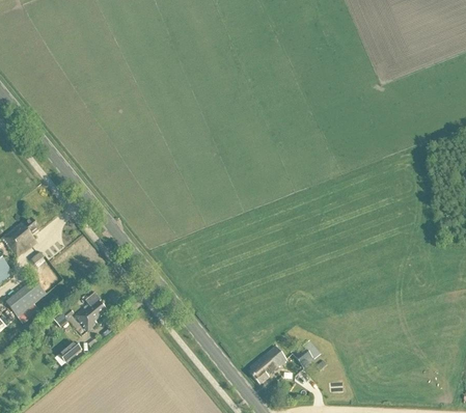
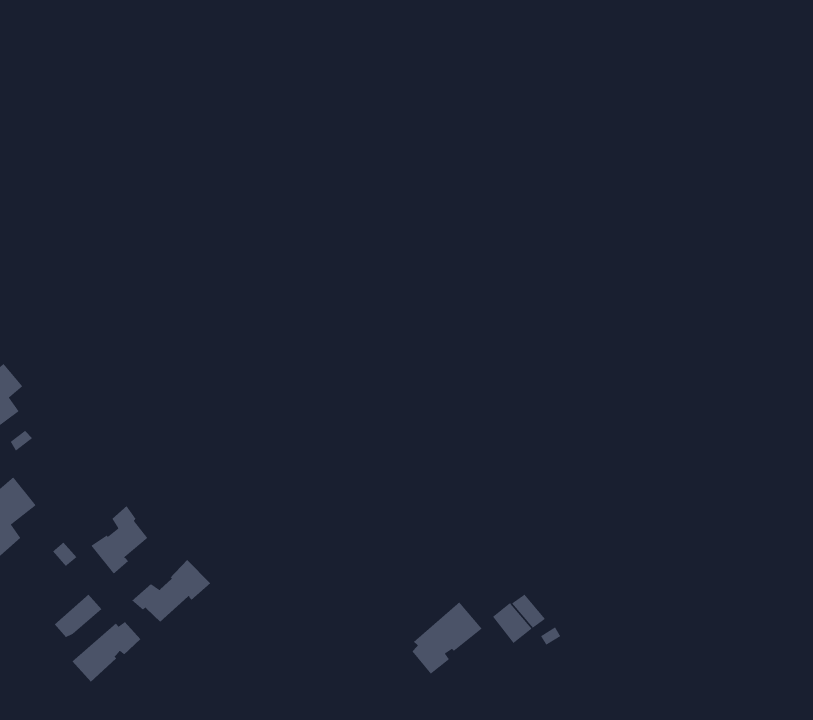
building: none -> [131,559,211,623]
building: none -> [72,621,141,683]

